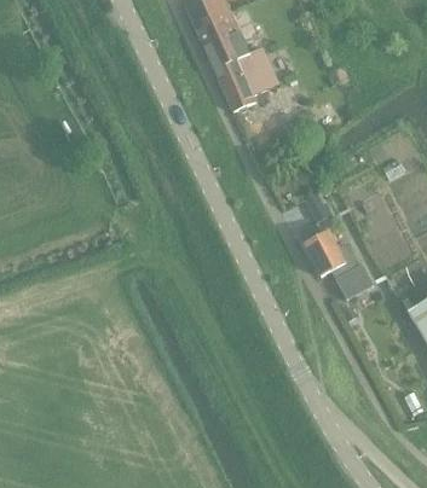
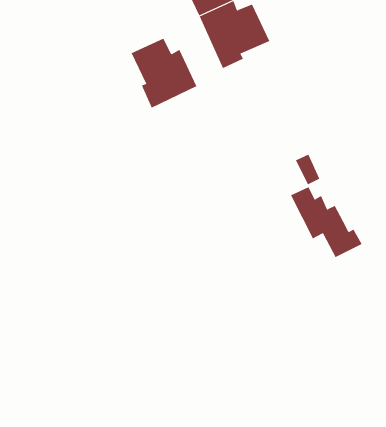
building: none -> [131,38,197,108]

